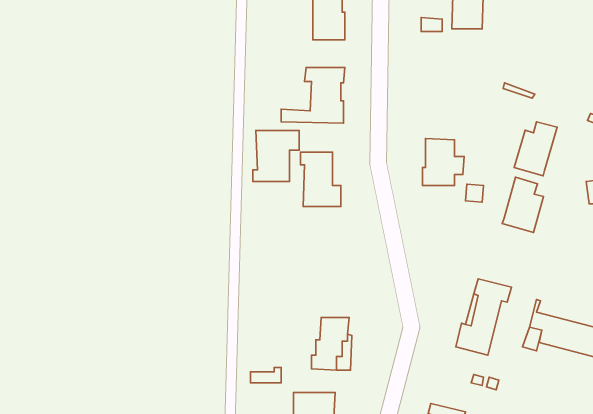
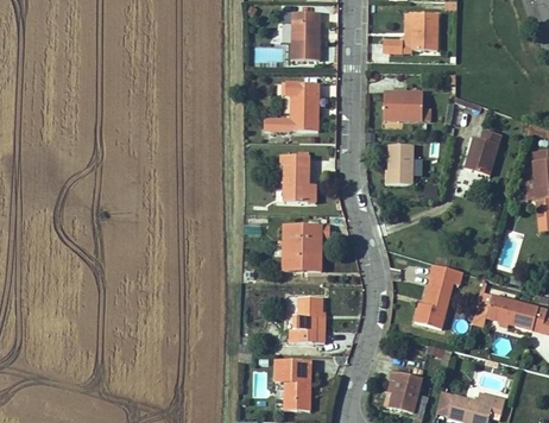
building: none -> [383,88,429,120]
building: [253,131,299,182] -> none
building: [502,177,543,232] -> none
building: none -> [283,226,320,271]

